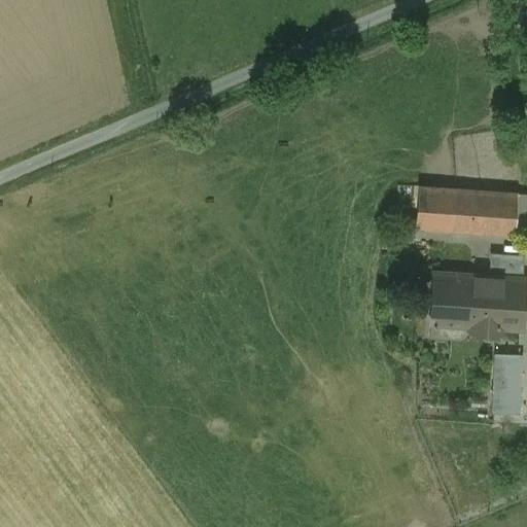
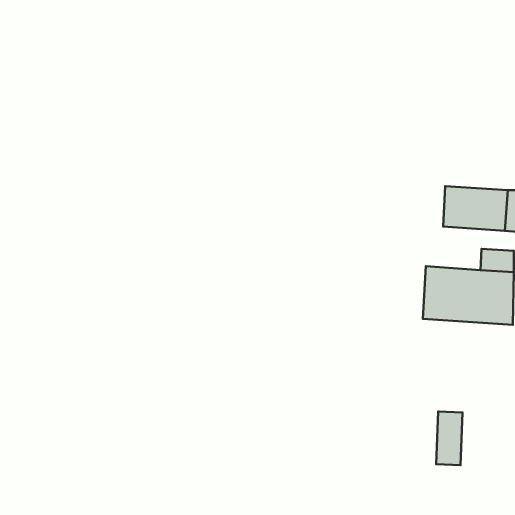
building: [417,188,455,233] -> none
building: [495,355,522,410] -> [436,411,463,465]

